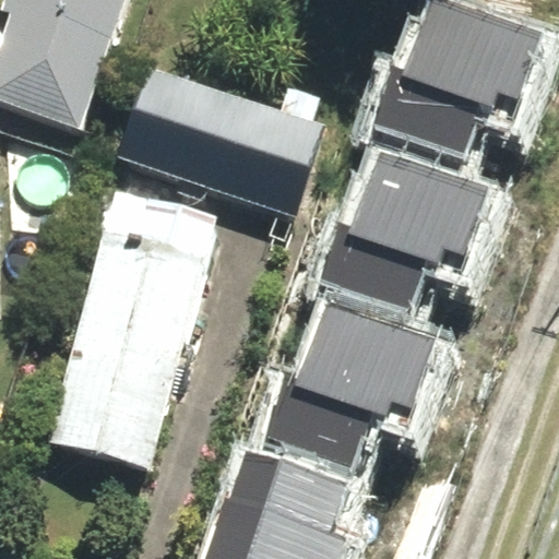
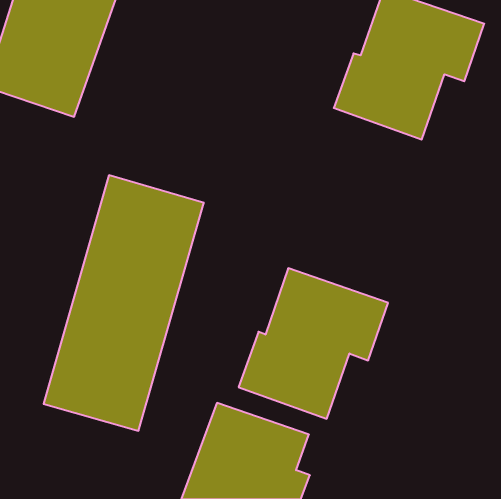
building: [117,66,329,221] -> none
building: [314,142,479,308] -> none

